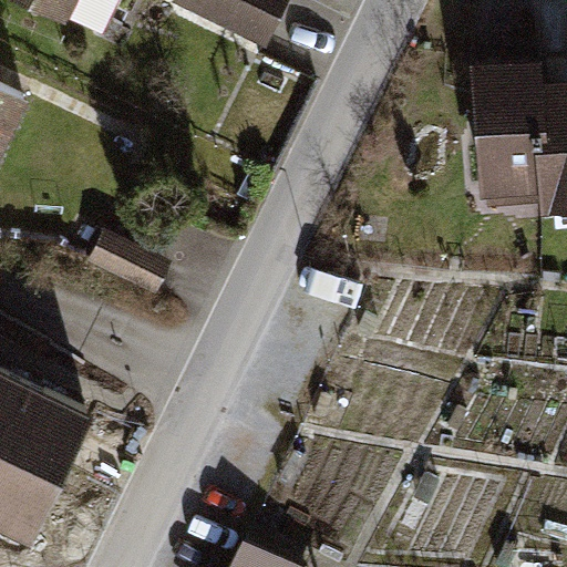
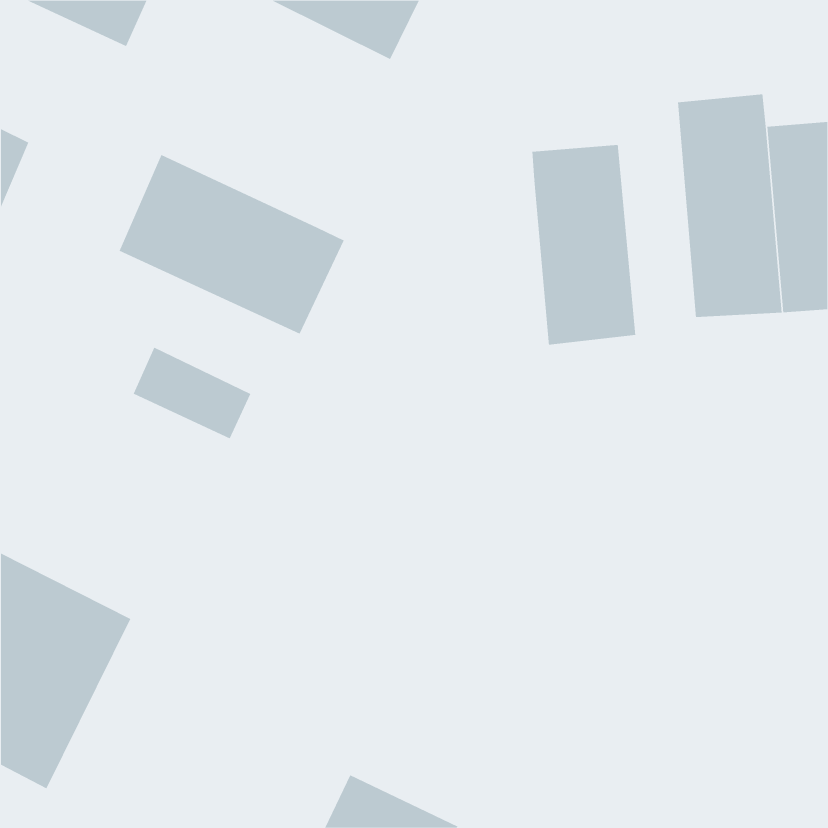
building: none -> [532,144,636,346]
building: none -> [119,154,344,334]

